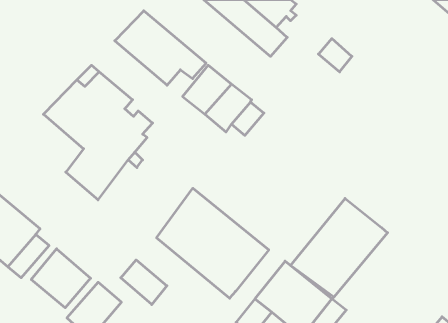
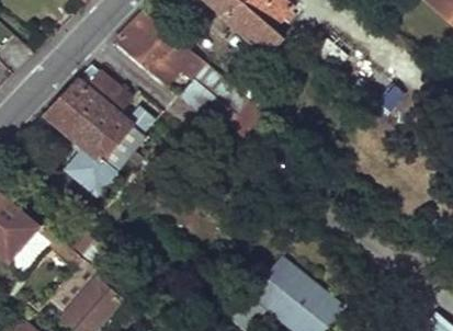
building: [157,188,269,298] -> none
building: [291,198,388,297] -> none
building: [31,249,91,308] -> none
building: [121,260,167,305] -> none

